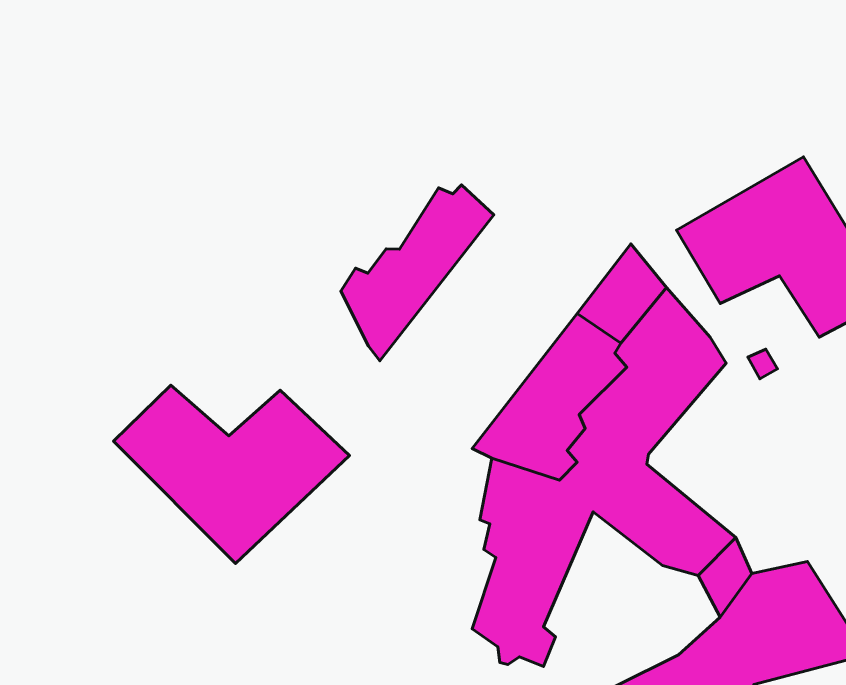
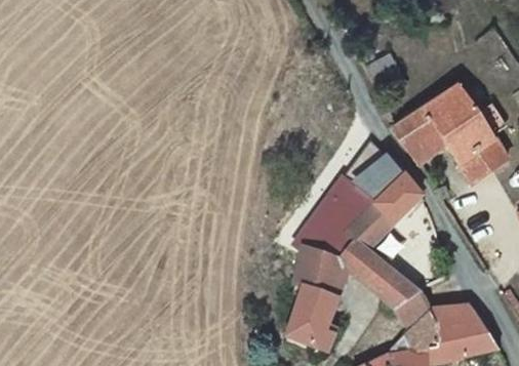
building: [341,185,494,361] -> none
building: [113,385,349,563] -> none

